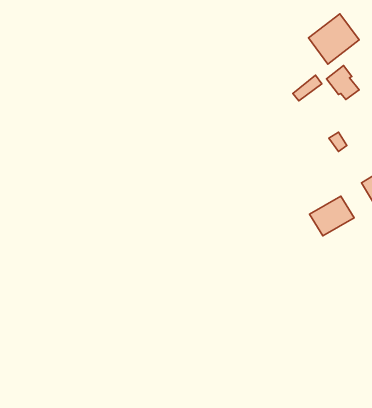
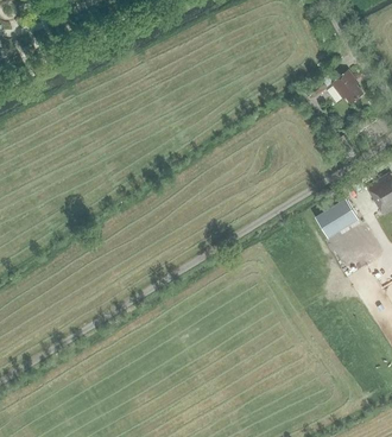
building: [308,14,359,64] -> none

